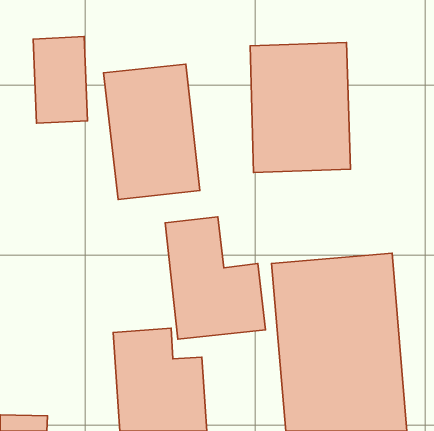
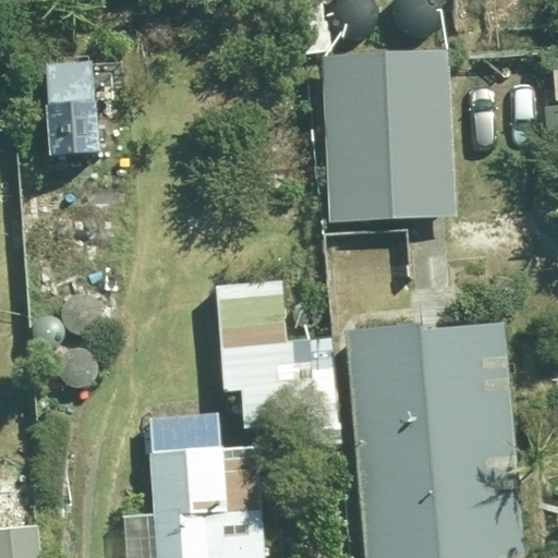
building: [103,64,200,199] -> none

